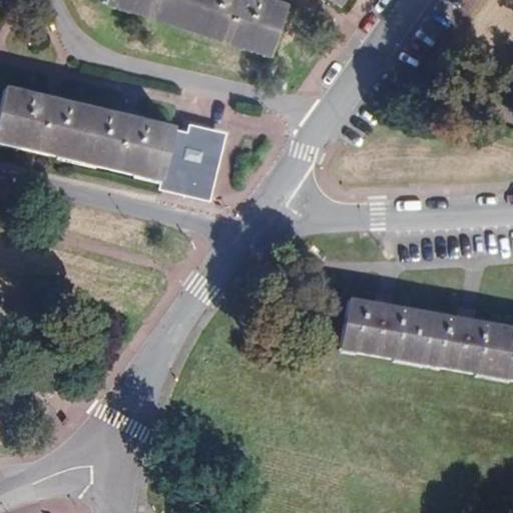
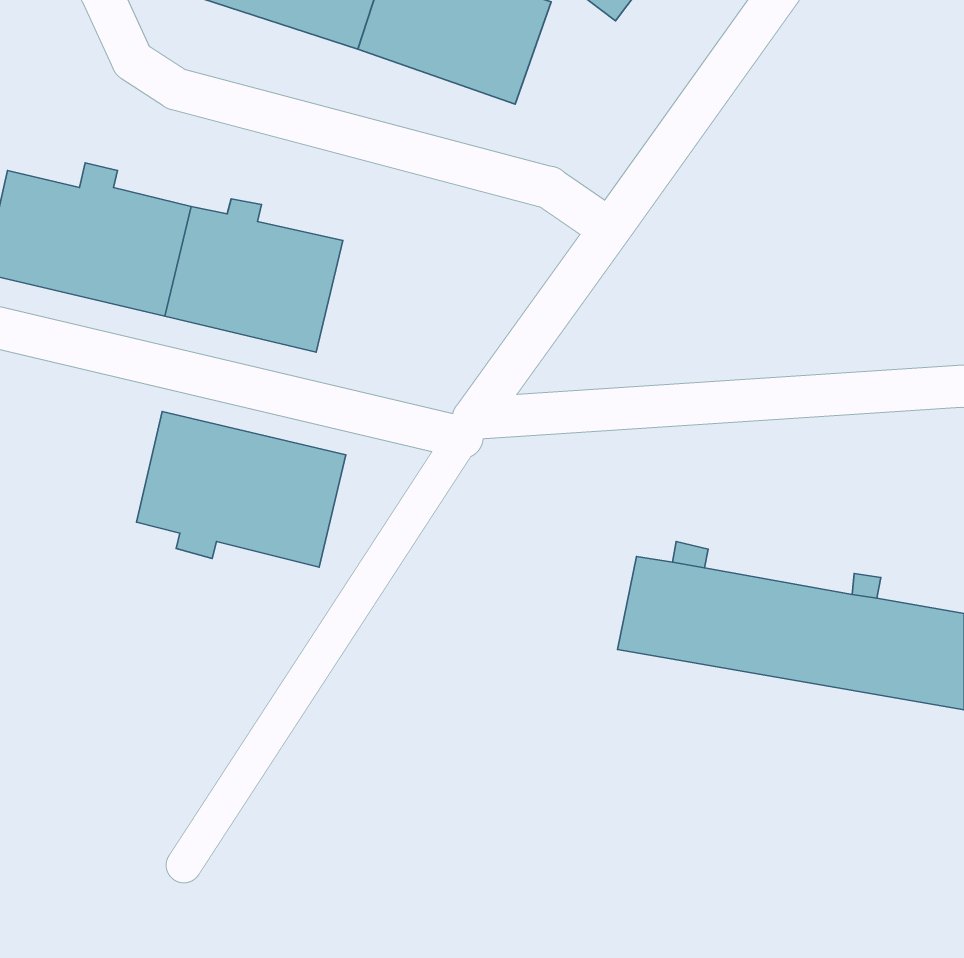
building: [166,117,231,202] -> none
building: none -> [137,411,346,567]

